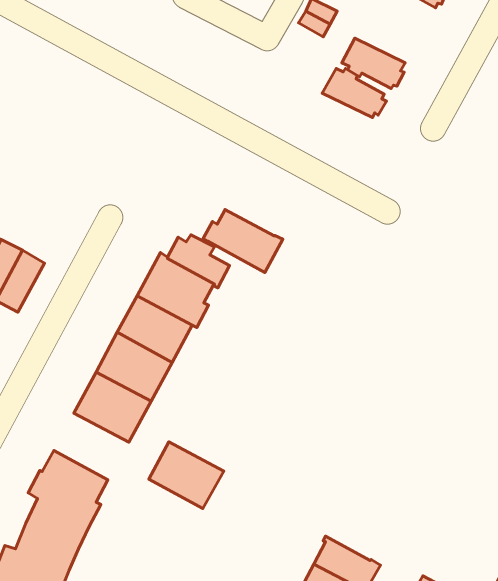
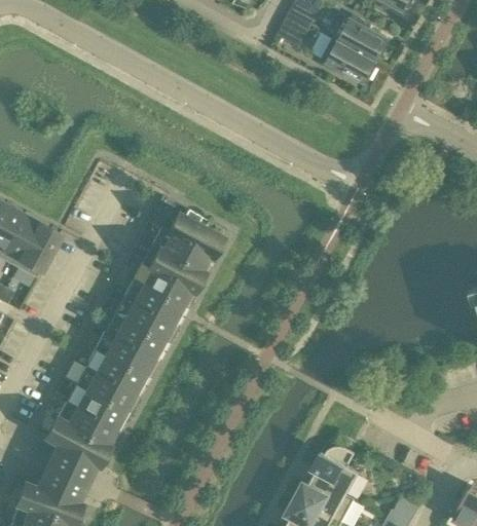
building: [322,68,387,118] -> [333,17,390,61]
building: [203,210,283,272] -> none
building: [149,442,224,509] -> [69,368,135,426]
building: none -> [307,448,360,497]

